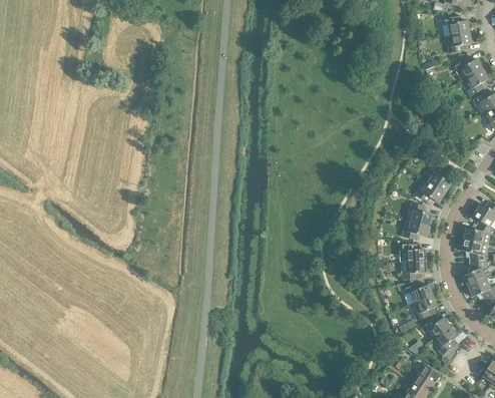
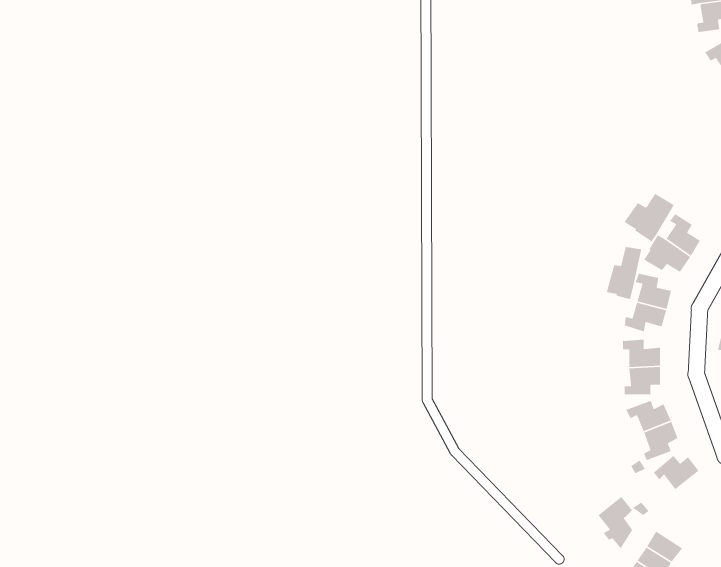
building: none -> [623,193,675,243]
building: none -> [606,246,642,300]
building: [435,325,458,359] -> [598,496,635,550]

